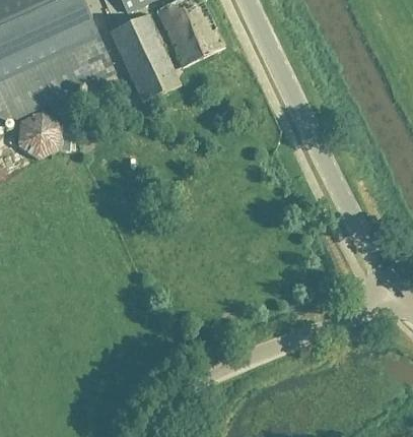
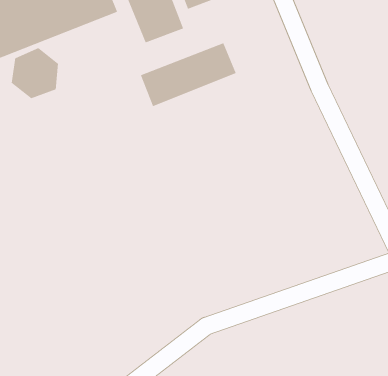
building: none -> [140,42,237,107]

